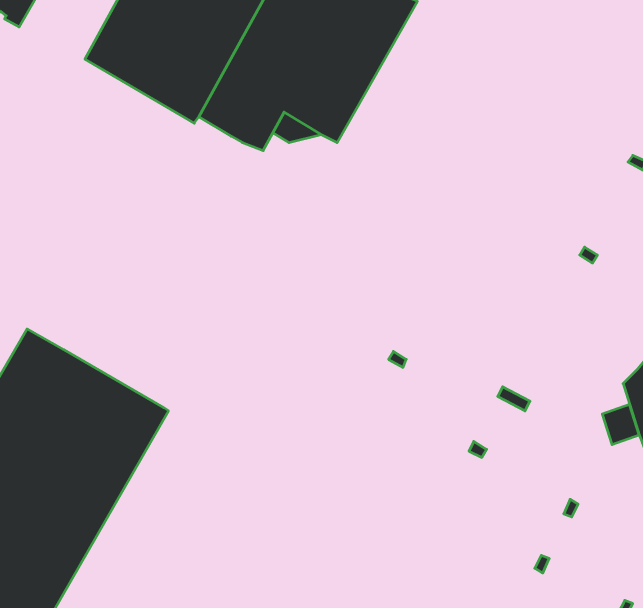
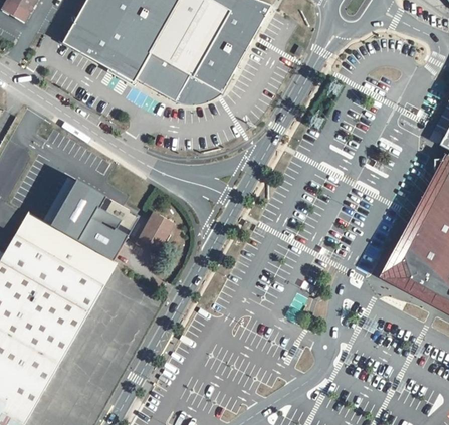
building: none -> [163,88,222,105]
building: none -> [51,180,140,260]
building: none -> [136,211,173,252]

